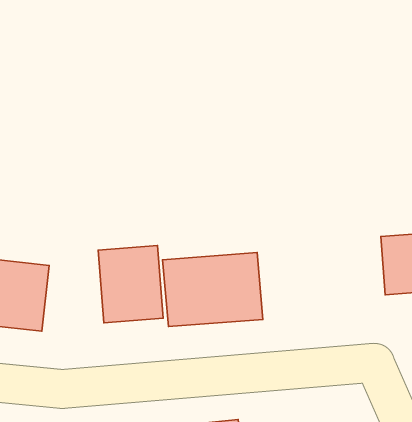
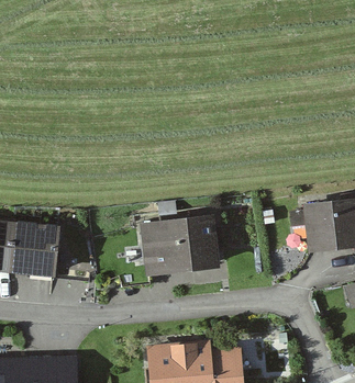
building: [98,245,163,323] -> none

